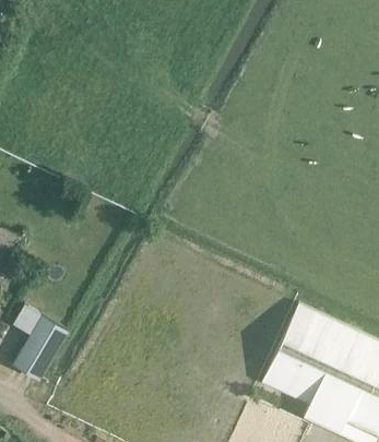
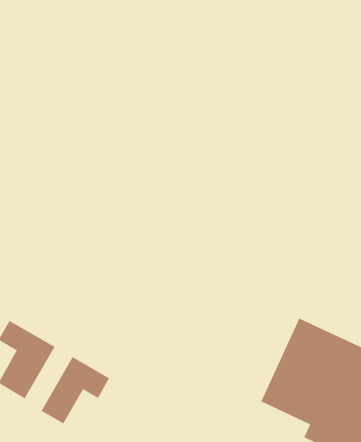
building: none -> [41,356,110,424]

